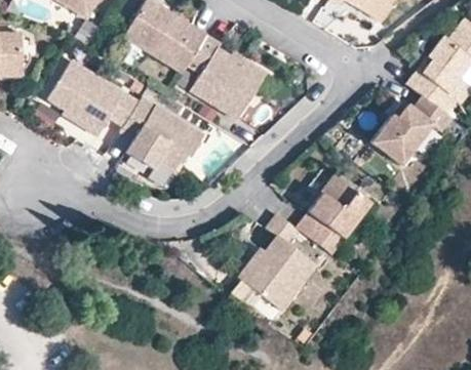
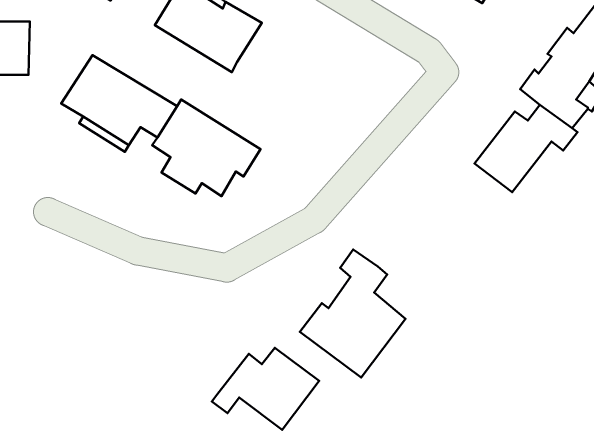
building: [187,35,265,119] -> none
building: [298,175,368,248] -> none
building: none -> [212,348,319,430]

